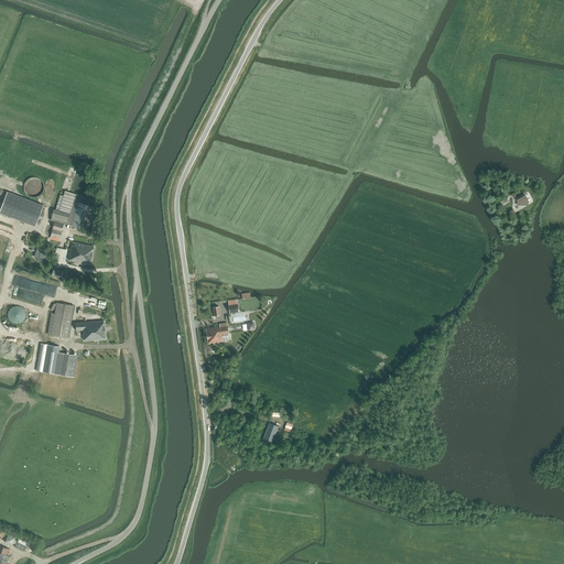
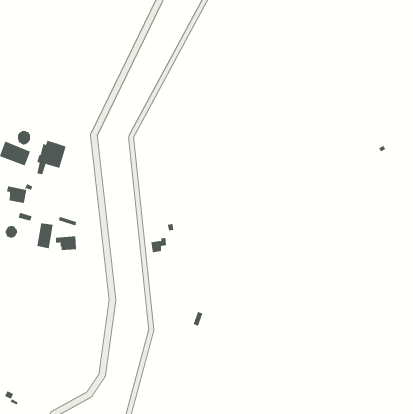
building: [64,241,93,265] -> [6,186,27,204]
building: [42,350,77,377] -> none

